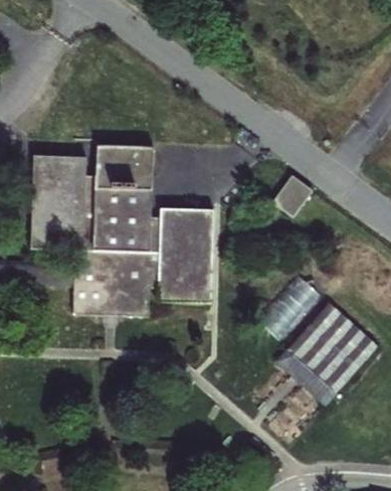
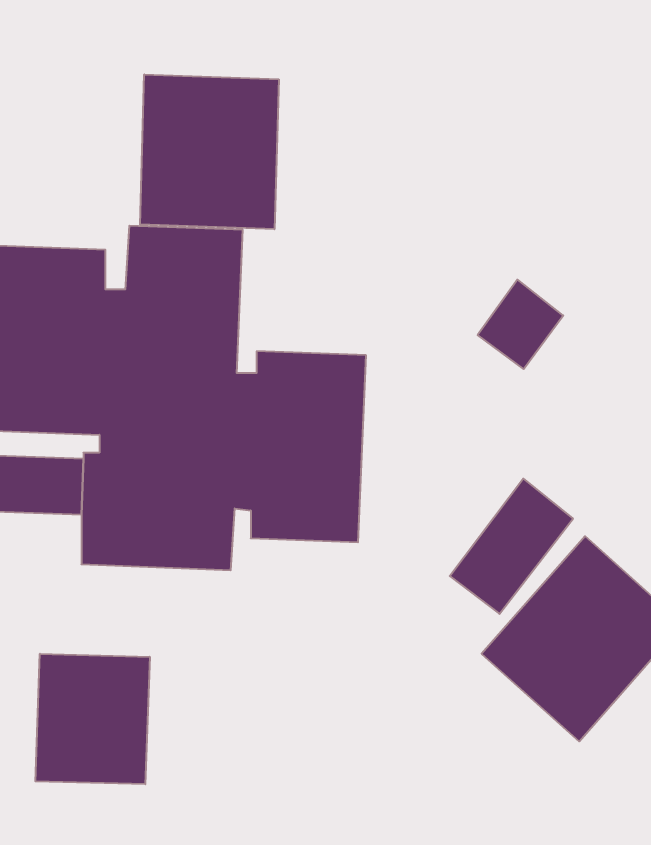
building: none -> [140,74,279,229]
building: none -> [35,654,150,784]

